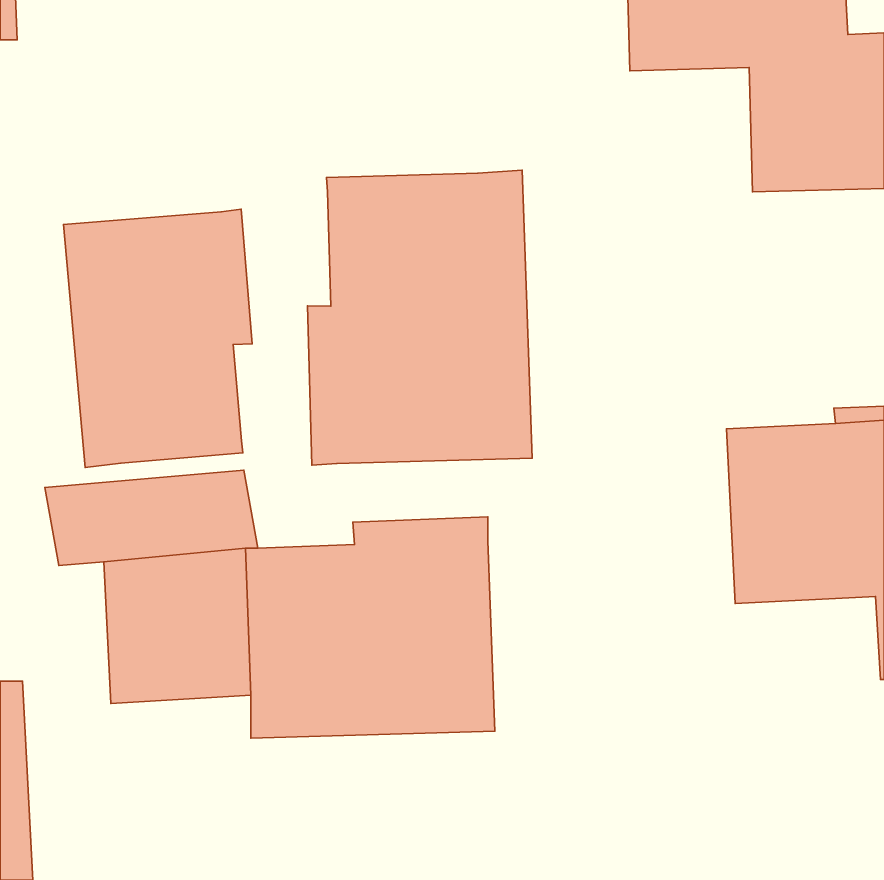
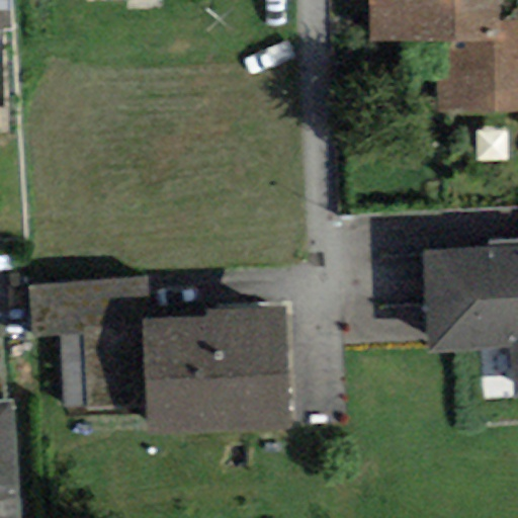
building: [308,170,532,465] -> none
building: [63,209,252,468] -> none

